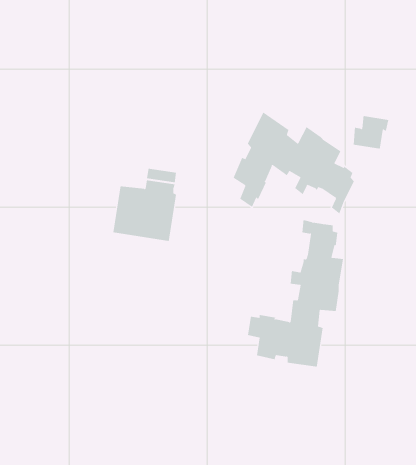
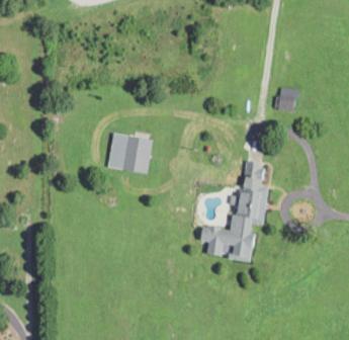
building: [233,111,355,214] -> none

